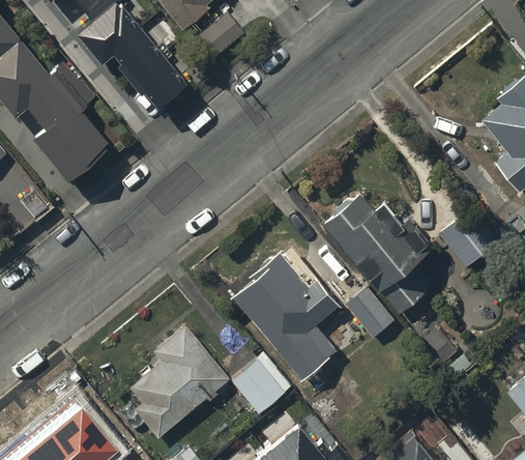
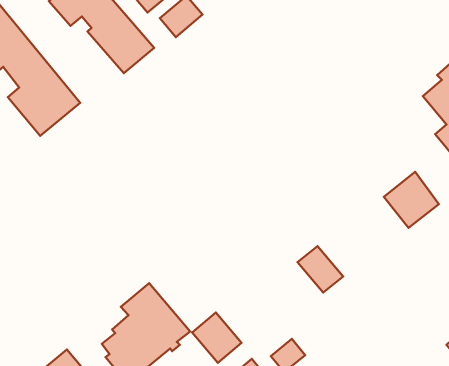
building: [325,198,435,318] -> none
building: [233,254,340,384] -> none

